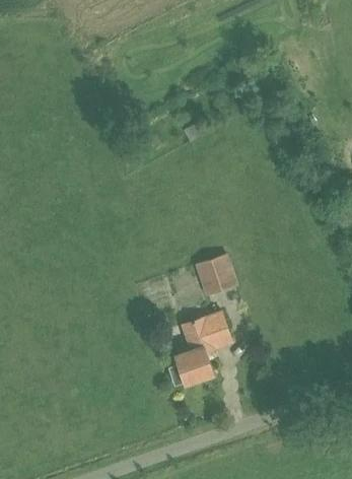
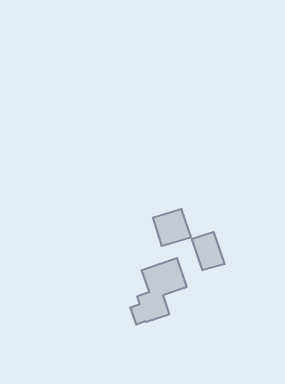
building: none -> [192,232,225,270]

